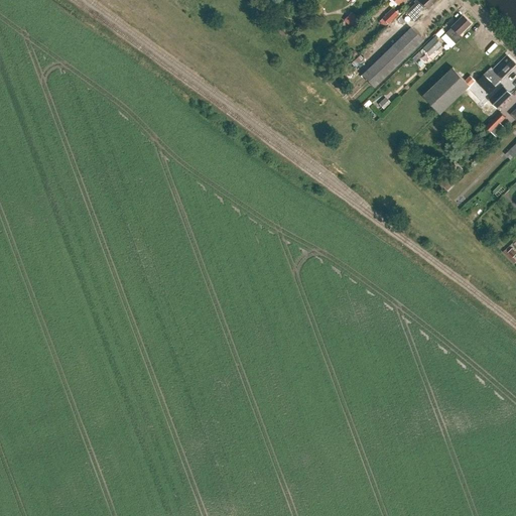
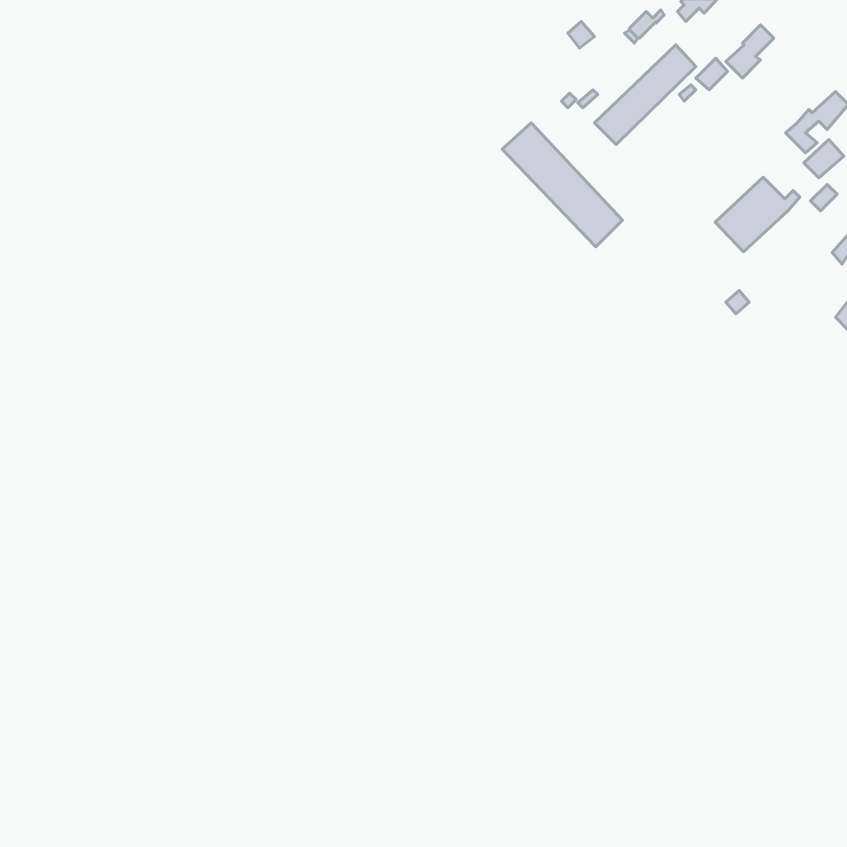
building: [424,68,476,113] -> [715,177,800,252]
building: none -> [502,123,623,247]

